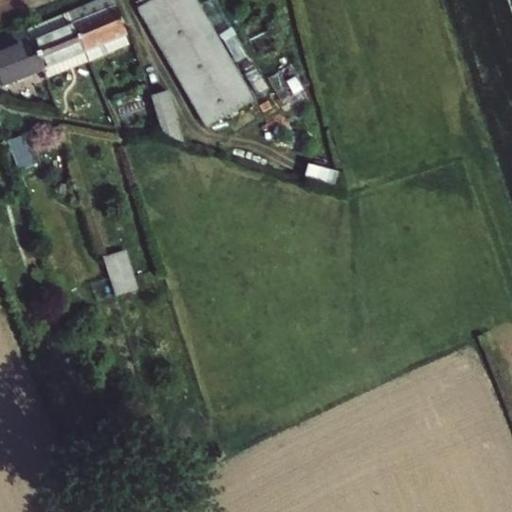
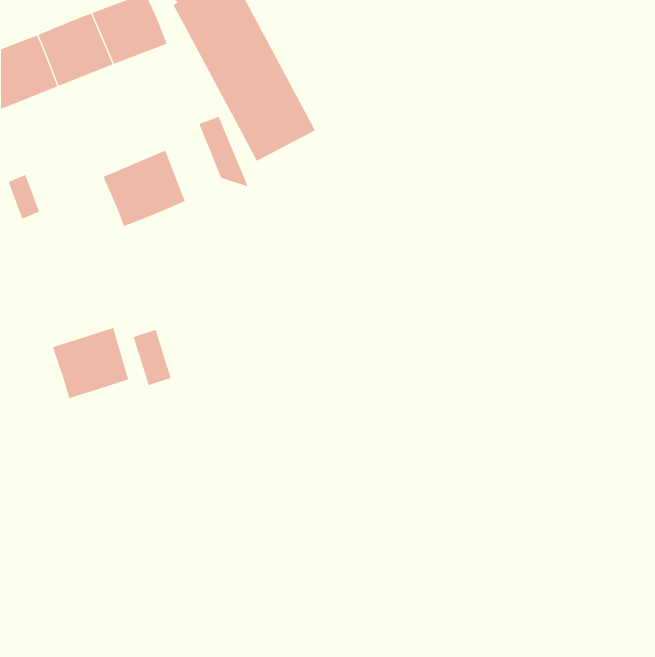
building: none -> [103,150,186,227]
building: none -> [52,327,129,399]

